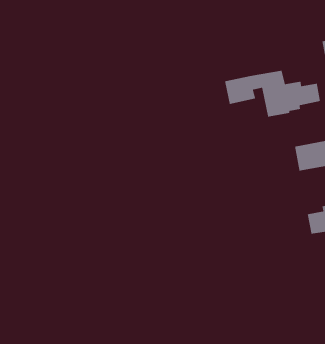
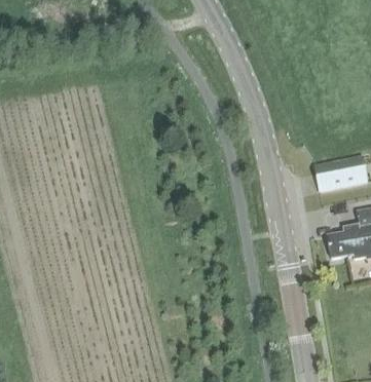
building: [224,70,321,118] -> none

